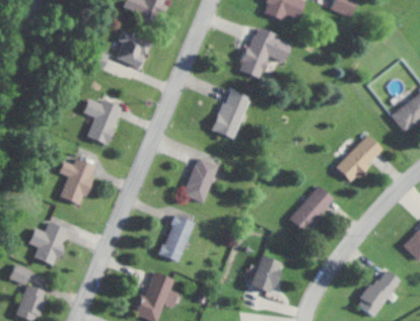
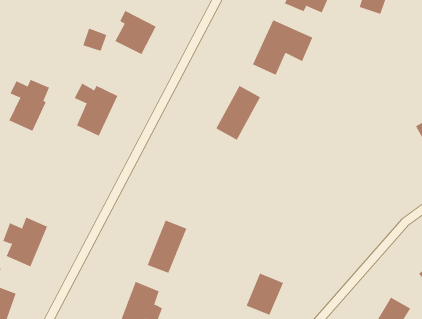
building: [335,134,383,183] -> none
building: [182,157,218,203] -> none
building: [58,159,93,206] -> [9,79,50,132]
building: [288,184,335,234] -> none

